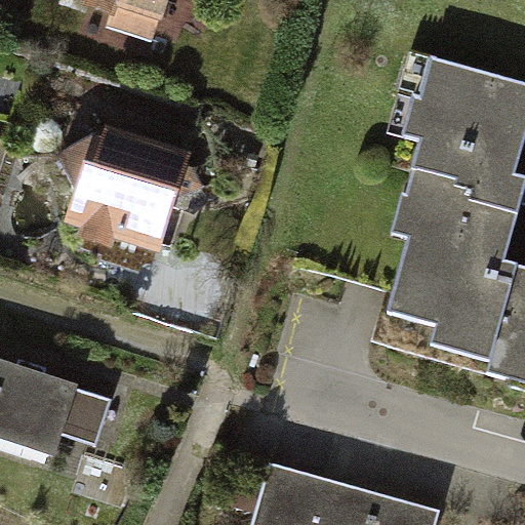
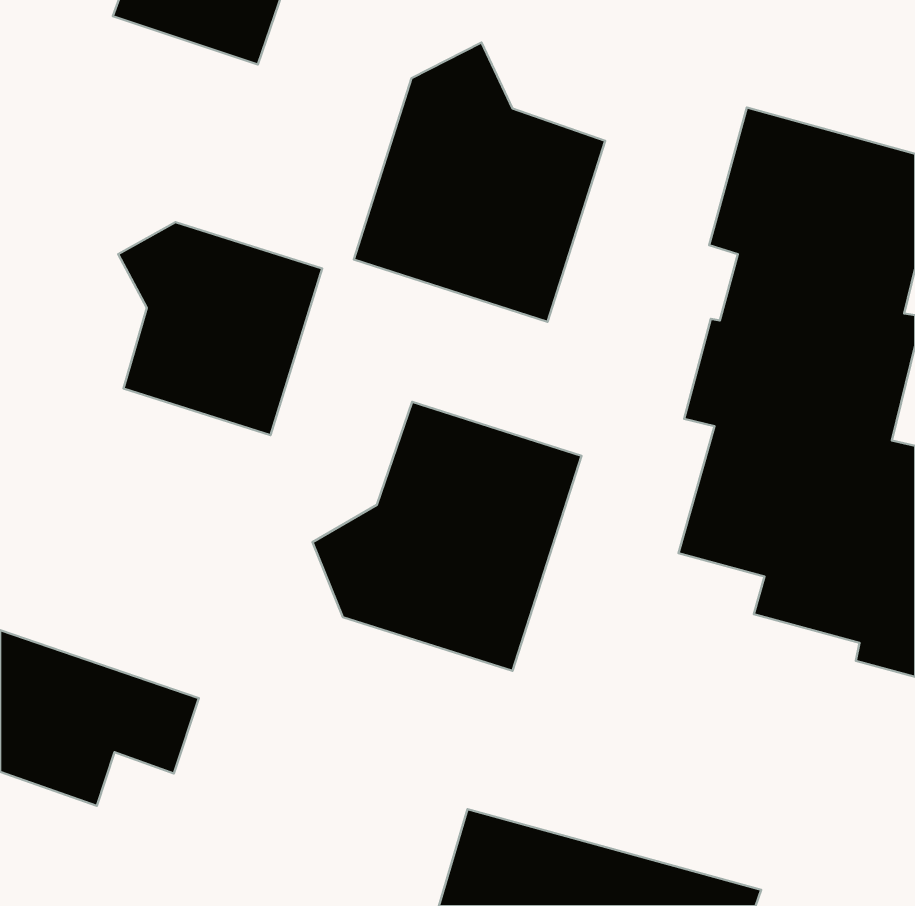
building: none -> [354,42,605,322]
building: none -> [312,402,582,671]

